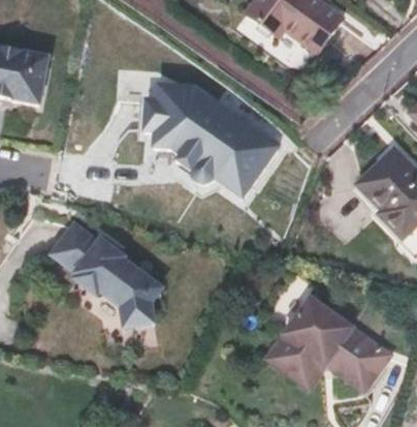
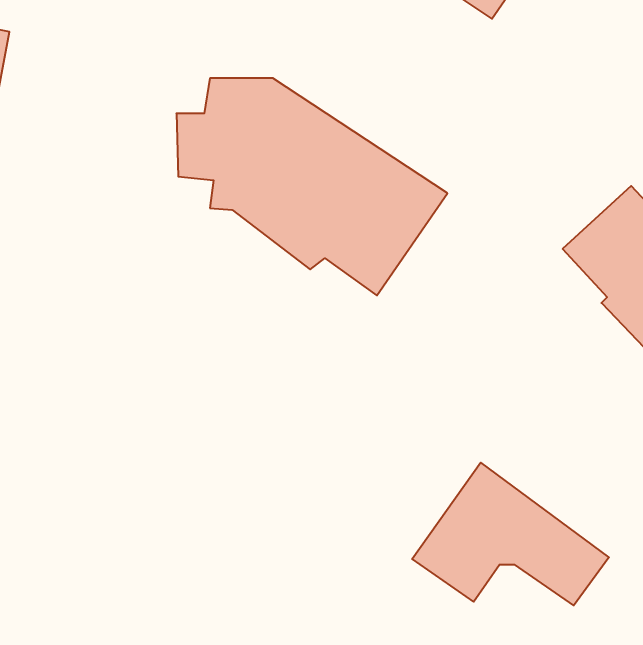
building: [57,221,174,330] -> none
building: [266,350,389,392] -> none

